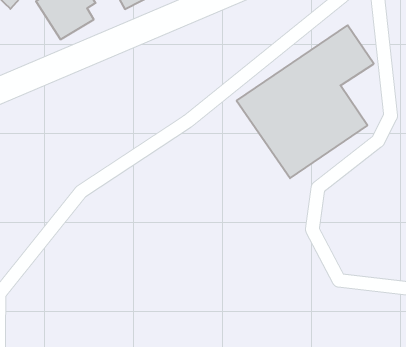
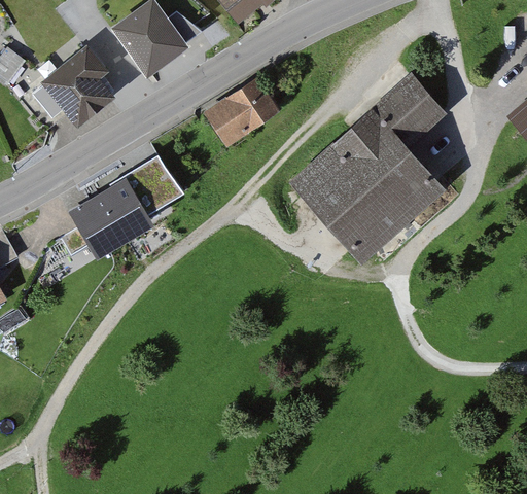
building: none -> [205,81,279,146]
building: none -> [62,156,183,267]

